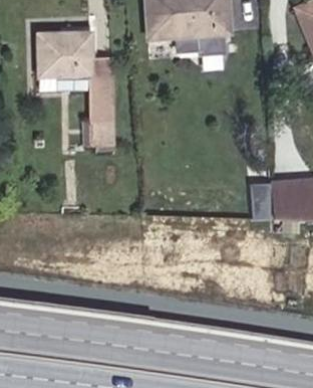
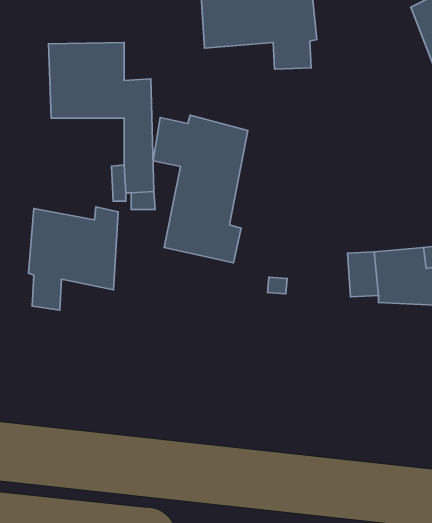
building: none -> [153,115,248,263]
building: none -> [28,207,118,310]

